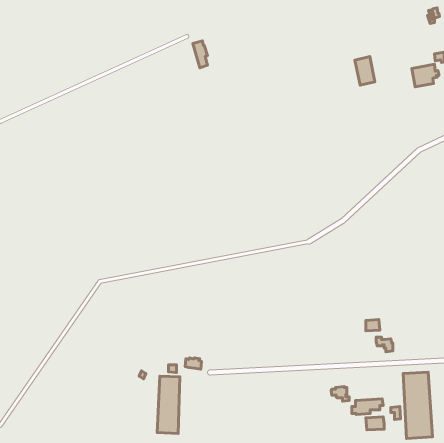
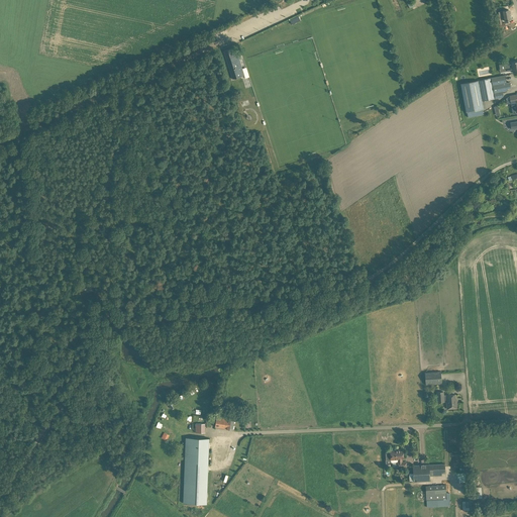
building: [355,57,375,85] -> [459,81,483,114]
building: [403,372,433,439] -> none

